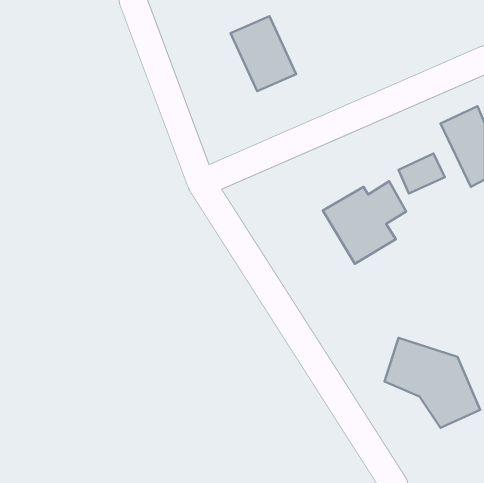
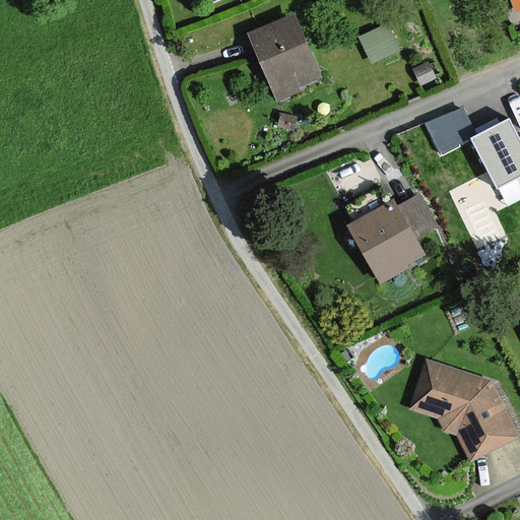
building: none -> [359,20,400,60]
building: [398,154,445,193] -> [426,104,475,146]

